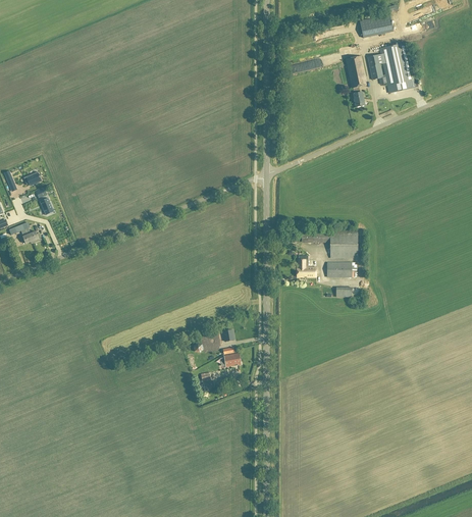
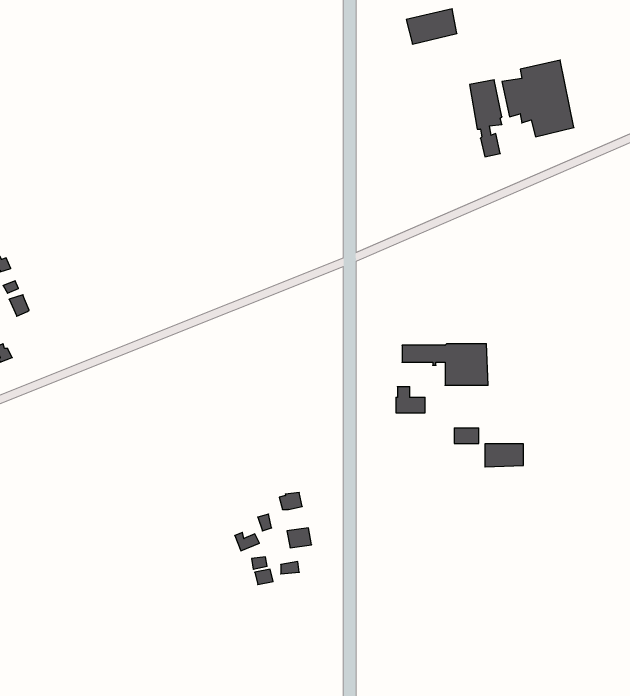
building: [359,13,392,37] -> [406,9,457,44]
building: [326,261,352,276] -> [485,444,523,467]

